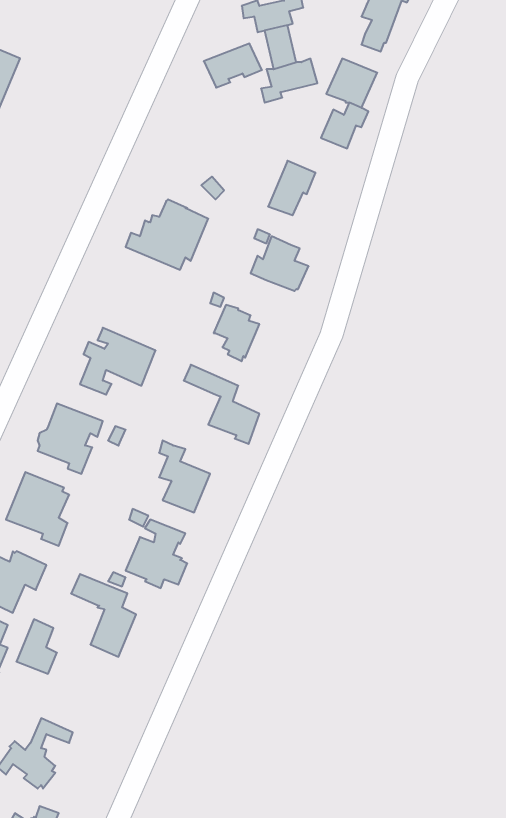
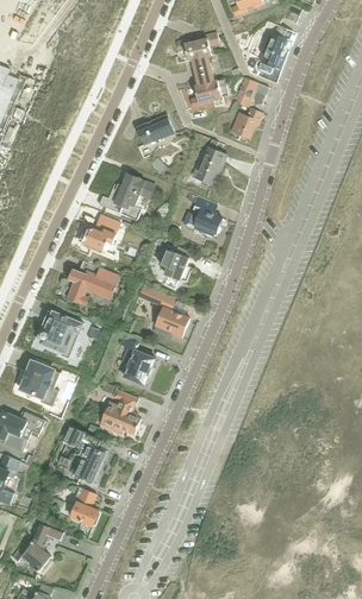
building: [204,44,262,88] -> [135,115,174,145]
building: none -> [76,214,119,252]
building: [16,619,57,674] -> [70,488,98,525]

